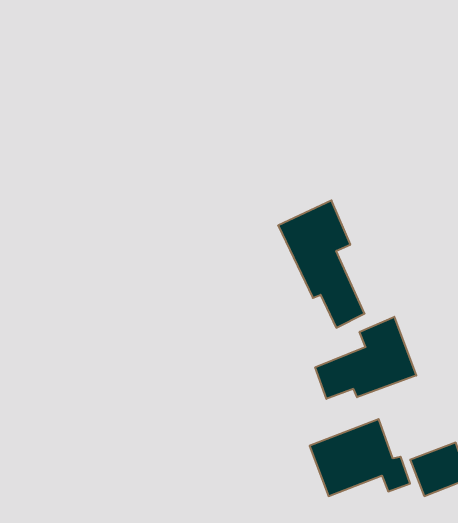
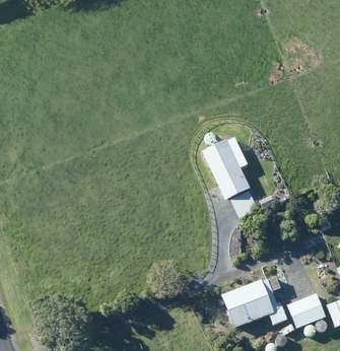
building: [315,317,416,399] -> none

